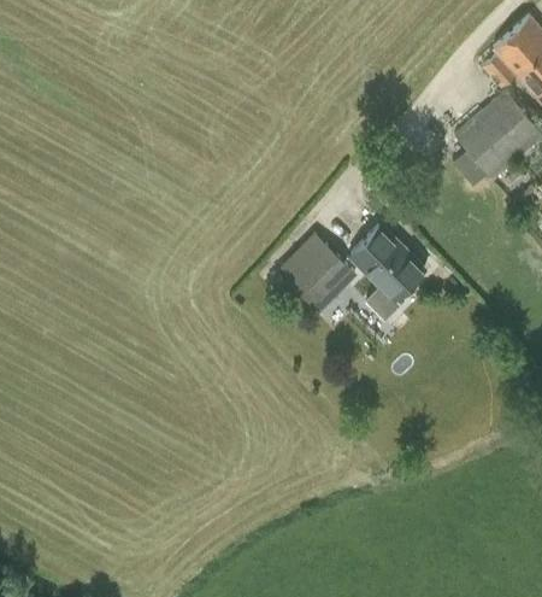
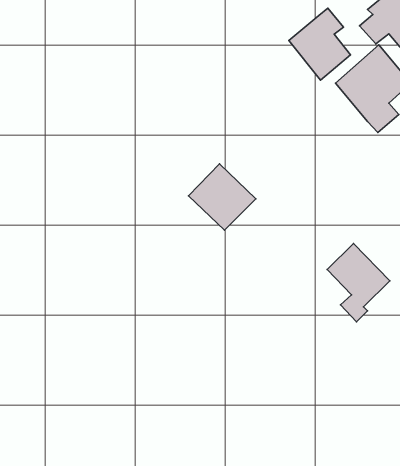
building: none -> [289,8,351,80]
building: [349,226,424,320] -> [327,243,390,322]

